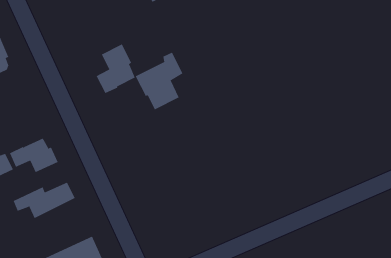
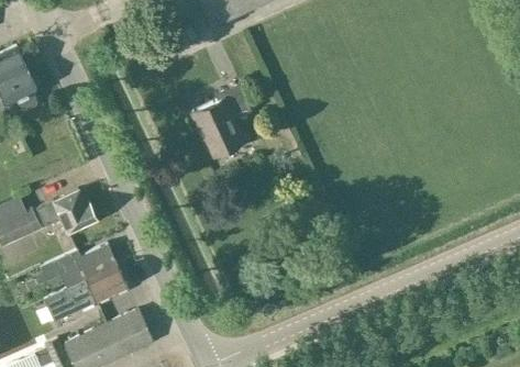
building: [96,44,136,94] -> none
building: none -> [44,264,128,322]

